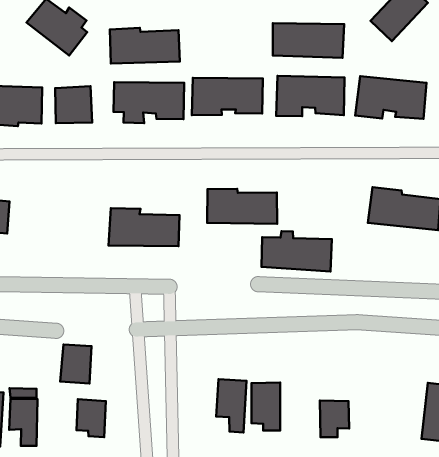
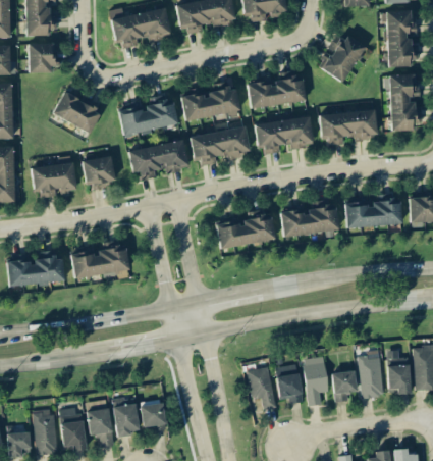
building: none -> [181,86,240,120]
building: [109,208,180,246] -> [71,246,129,278]
building: [261,231,332,271] -> [280,204,338,236]
building: [60,344,92,384] -> [114,404,140,436]
building: none -> [303,356,329,406]
building: none -> [358,350,384,398]
building: none -> [387,350,411,394]

